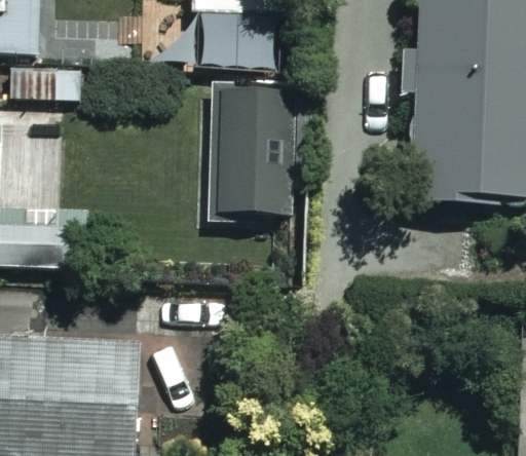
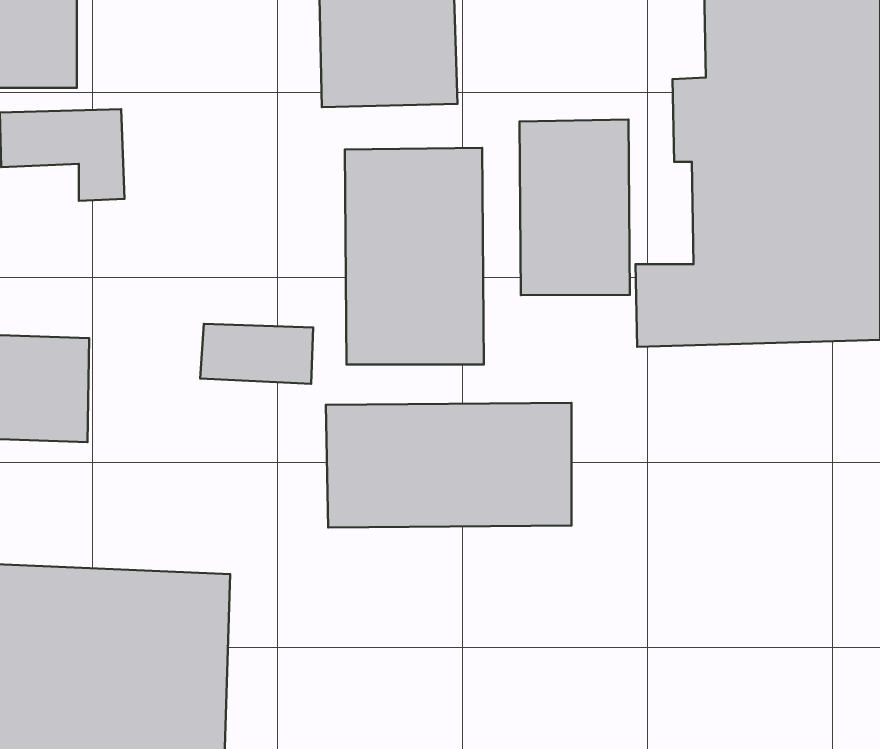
building: none -> [520,120,630,295]
building: none -> [326,403,572,528]

